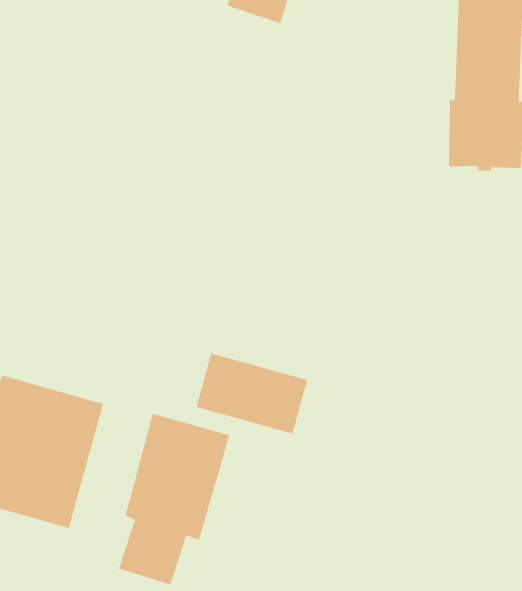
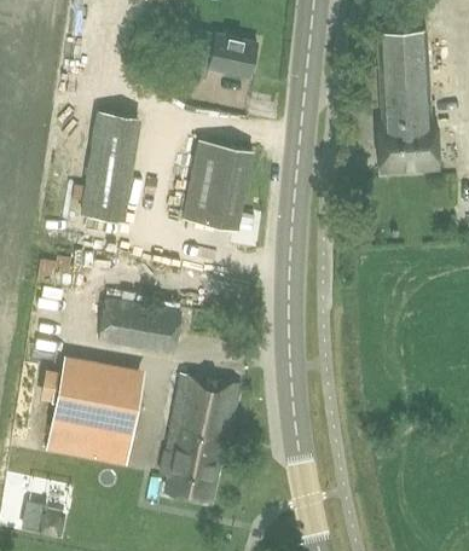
building: none -> [82,111,139,221]
building: none -> [184,140,253,228]
building: [196,353,308,434] -> [99,298,180,353]

